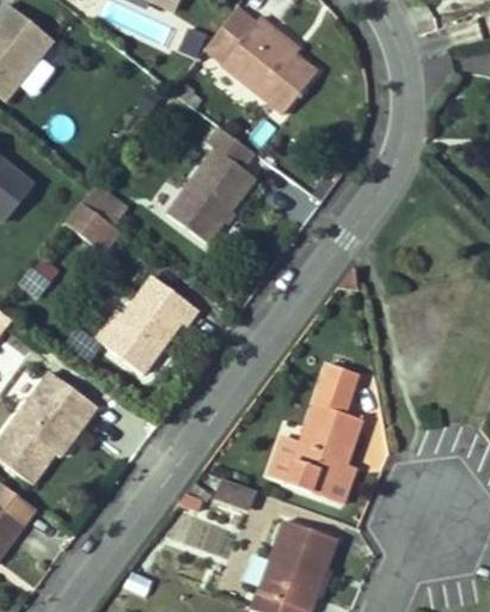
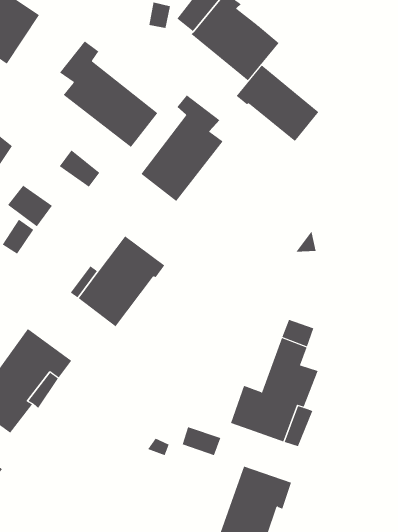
building: none -> [59,41,158,148]
building: none -> [236,65,319,142]
building: [67,201,116,246] -> [7,185,53,227]

